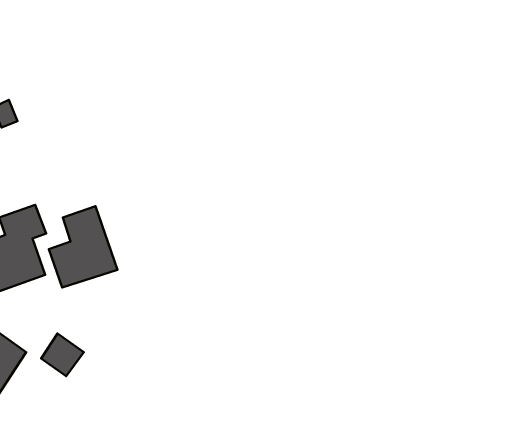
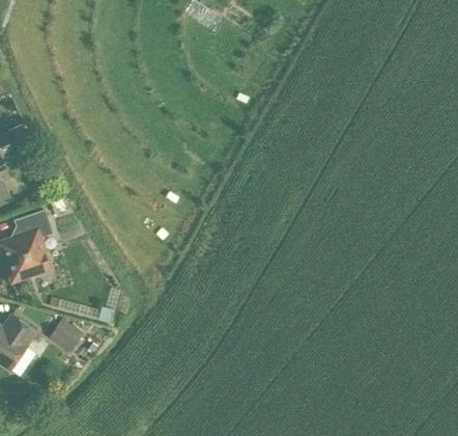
building: [49,206,117,287] -> none

